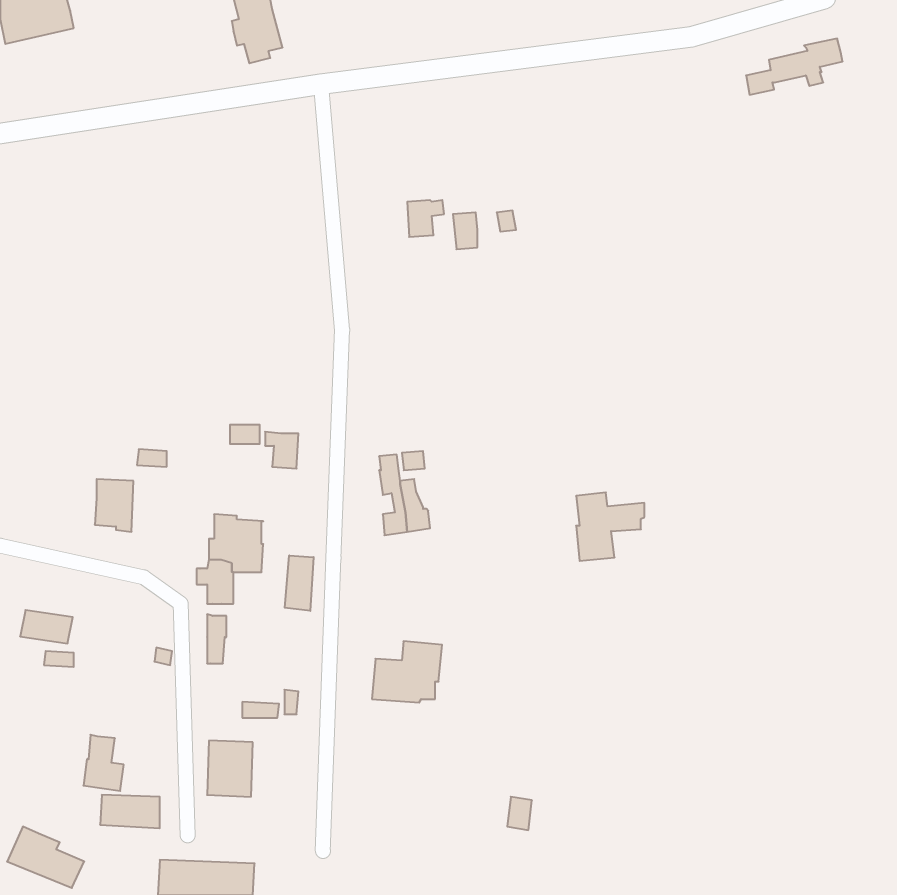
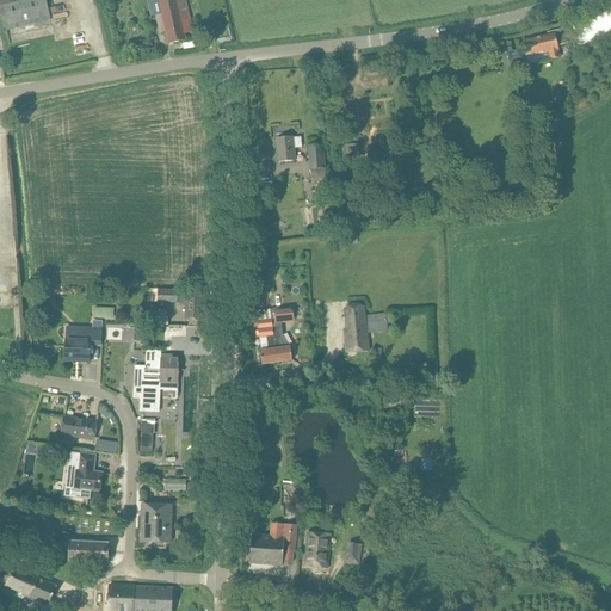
building: [576,492,644,561] -> [344,306,390,352]
building: [285,555,314,611] -> none
building: [20,610,73,643] -> [61,416,97,439]
building: [372,641,442,703] -> [249,523,297,564]
building: [83,735,124,791] -> [74,452,101,490]
building: none -> [304,531,331,568]

